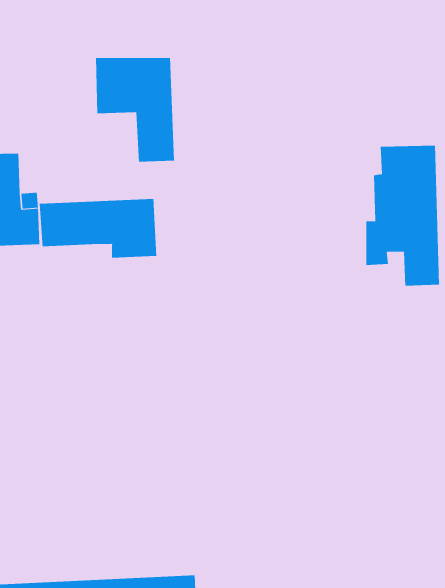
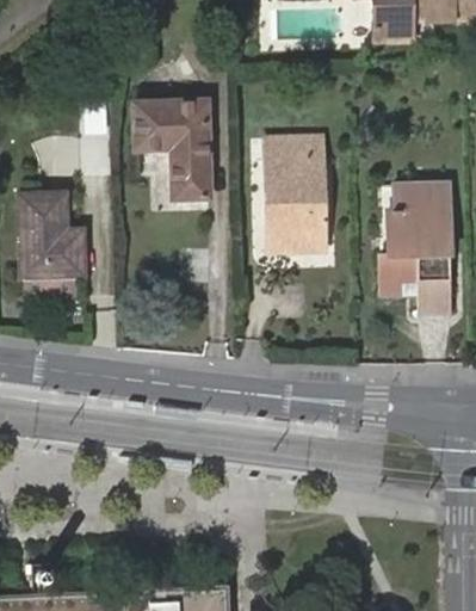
building: none -> [267,141,324,253]
building: [39,198,157,259] -> none

